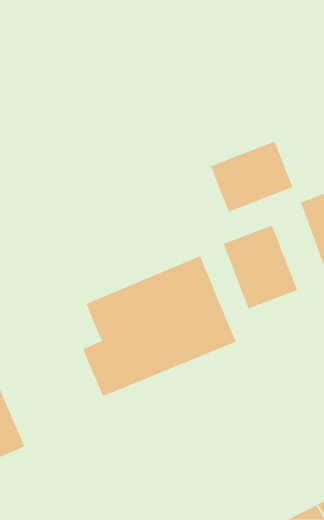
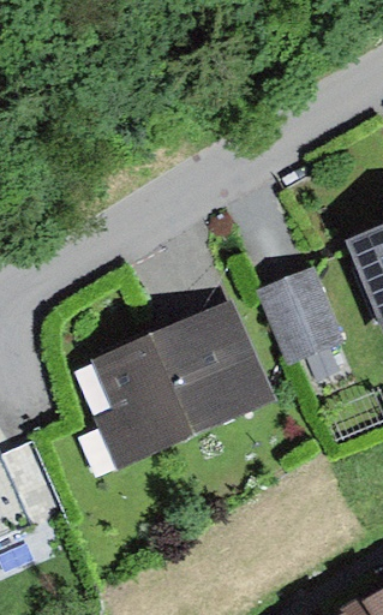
building: [210,141,293,213] -> none

